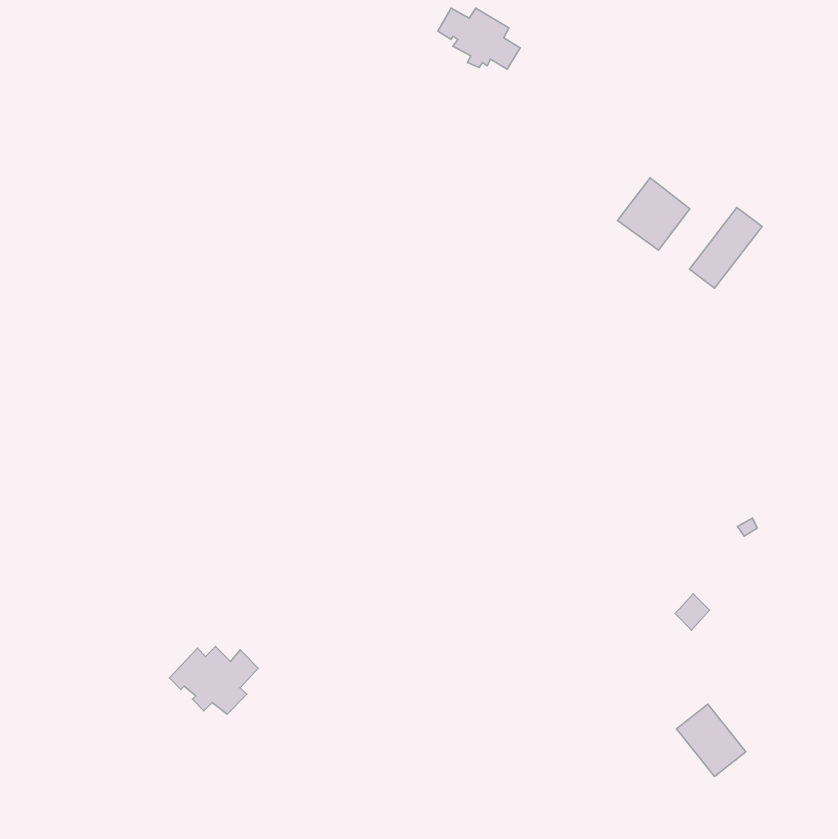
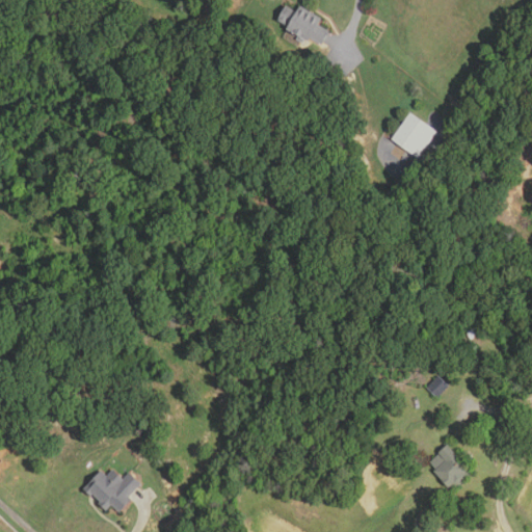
building: [689,207,762,288] -> none
building: [169,647,258,714] -> [84,470,140,512]

